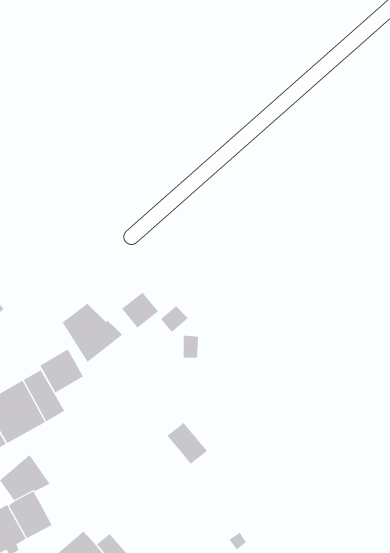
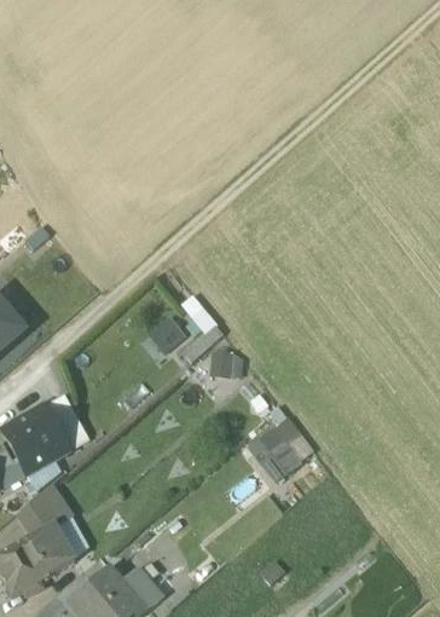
building: [62,303,123,363] -> none
building: [39,348,84,394] -> none
building: [167,422,208,465] -> [260,429,303,474]

